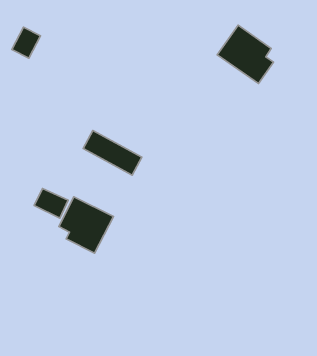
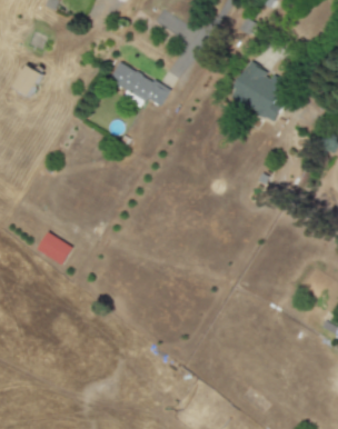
building: [83,131,142,175] -> [110,62,171,109]
building: [59,197,114,253] -> none

